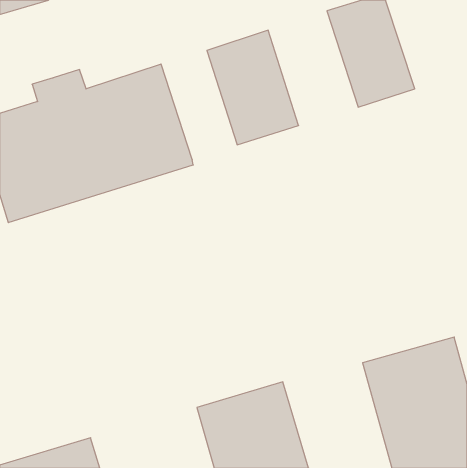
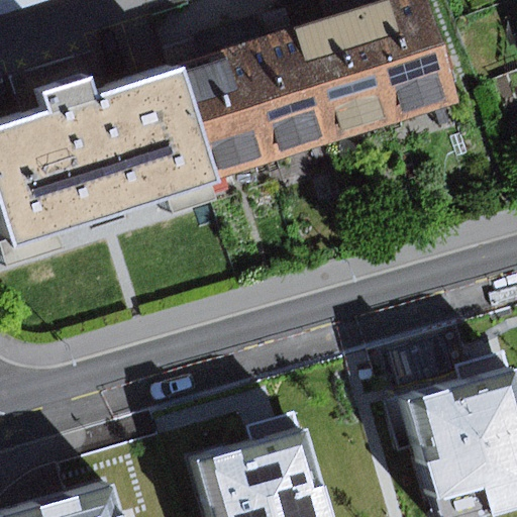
building: none -> [296,12,395,138]
building: none -> [178,56,262,176]

